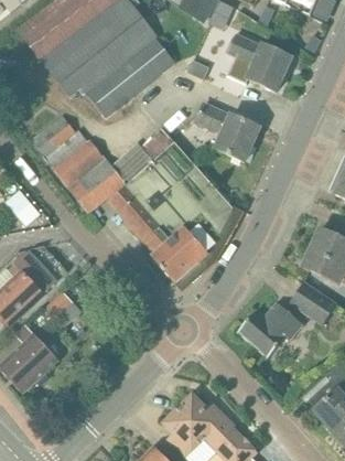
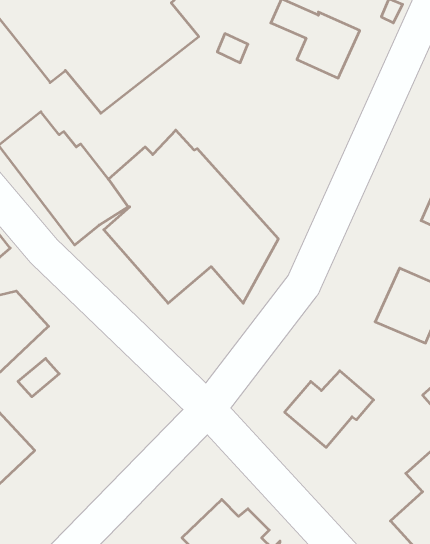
building: [195,103,259,161] -> none
building: [145,227,207,283] -> none
building: [290,282,335,324] -> none

